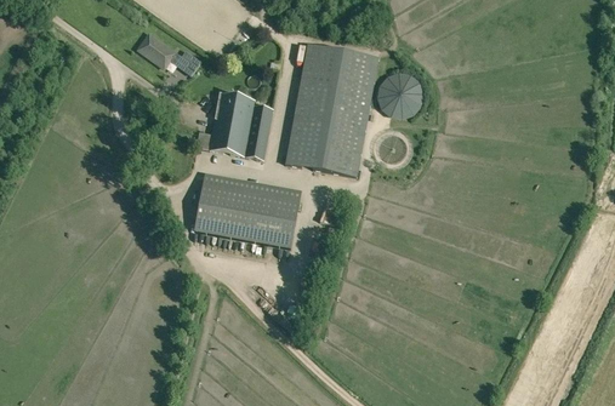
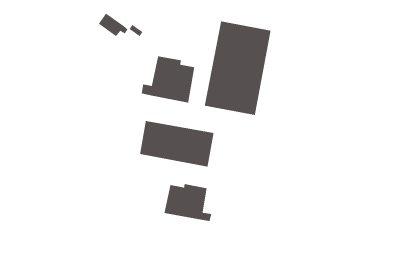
building: [382,67,423,113] -> none
building: none -> [163,183,212,222]

